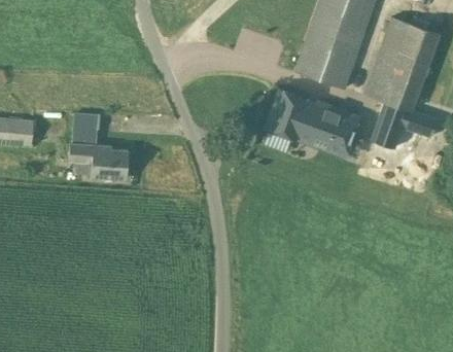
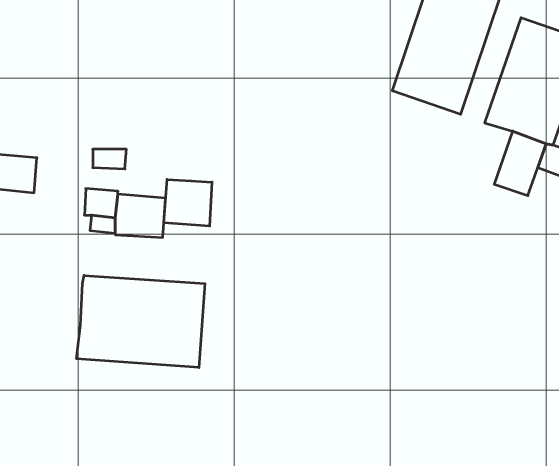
building: [267,89,362,153] -> none
building: none -> [164,179,212,226]
building: none -> [77,275,205,368]

